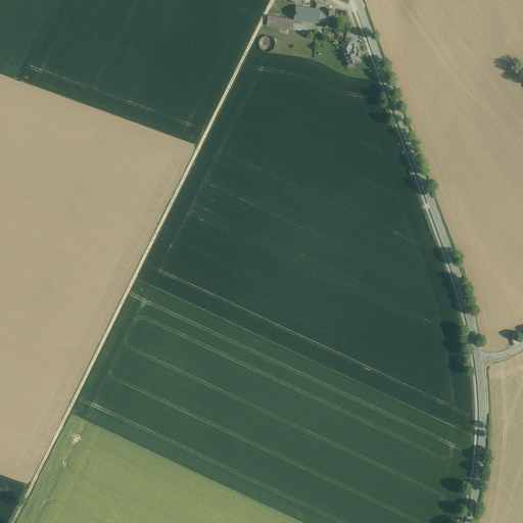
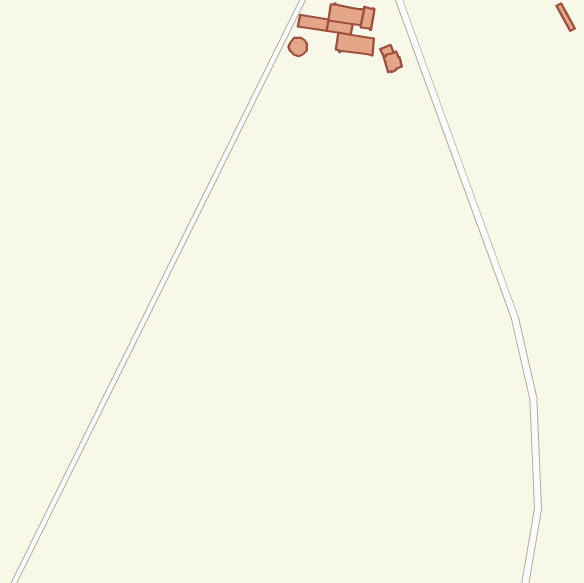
building: none -> [336,33,374,56]

